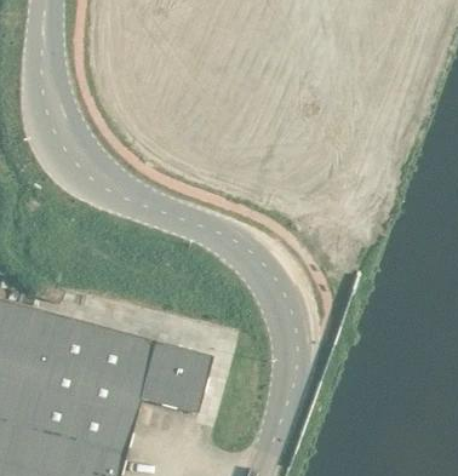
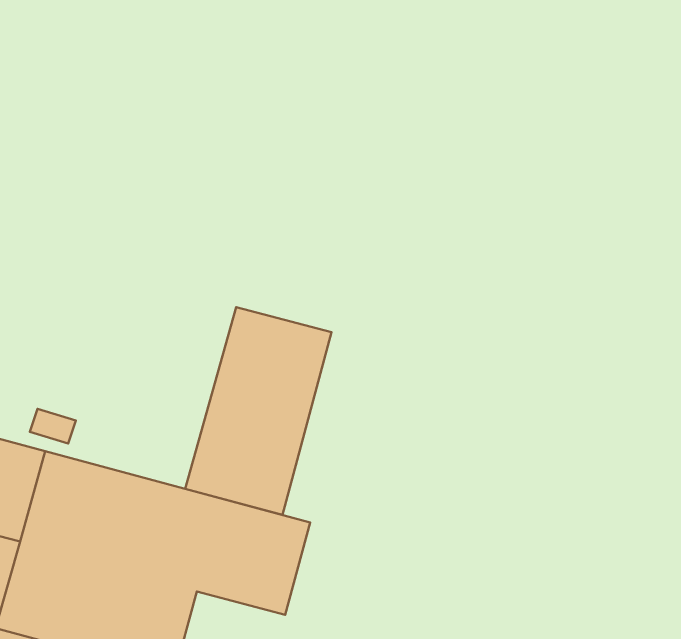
building: none -> [185,307,332,515]

